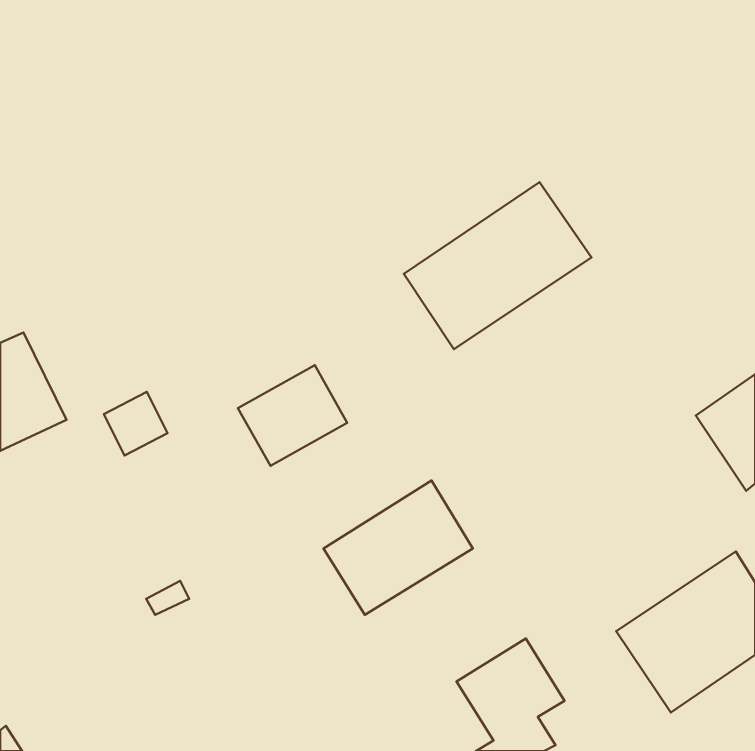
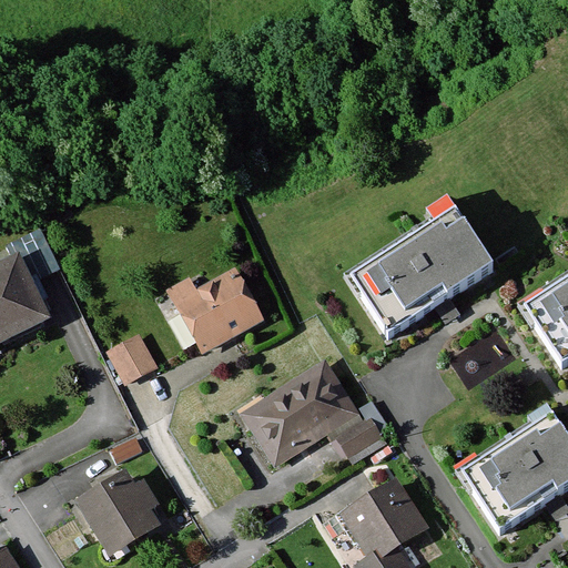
building: [404,182,591,349] -> [352,213,493,338]
building: [104,392,167,456] -> [109,332,156,379]
building: none -> [337,416,386,462]
building: none -> [74,468,159,554]

